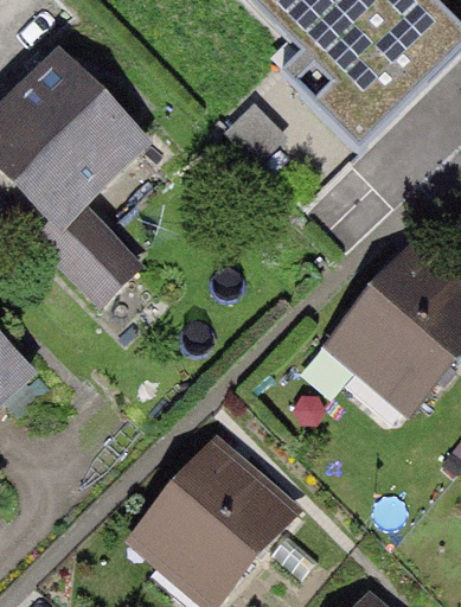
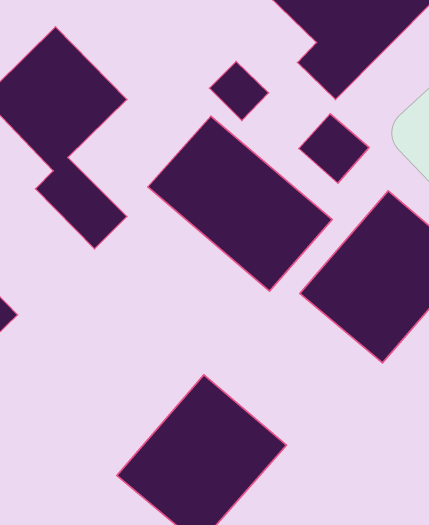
building: none -> [148,116,332,291]

